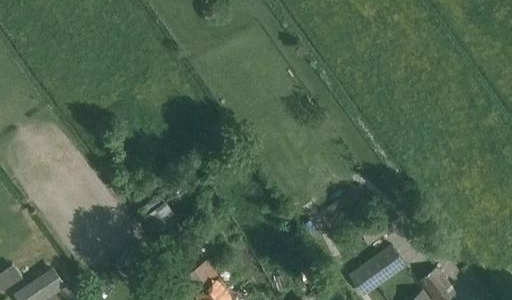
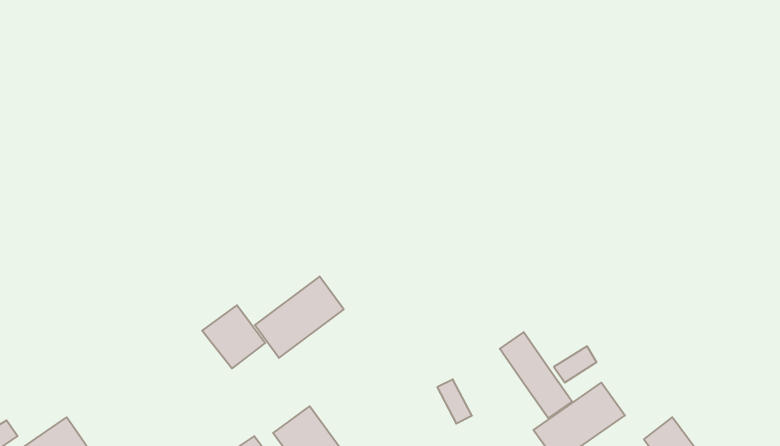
building: none -> [255,276,344,358]
building: none -> [500,332,572,418]

